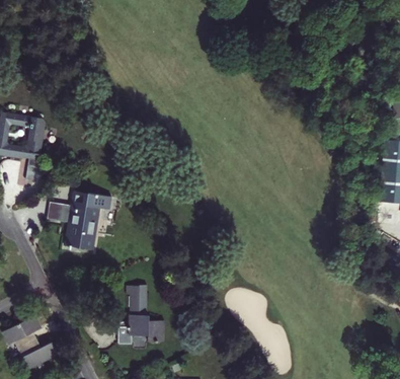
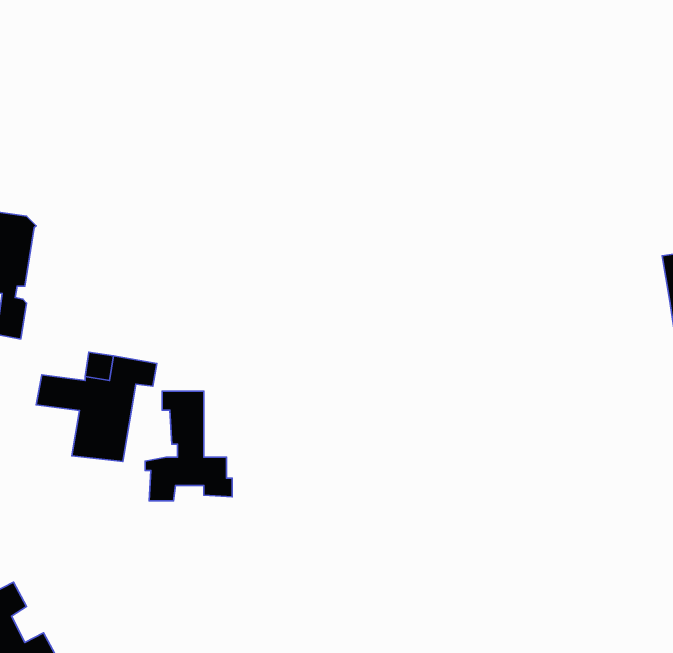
building: [115,286,162,345] -> [145,391,232,501]

